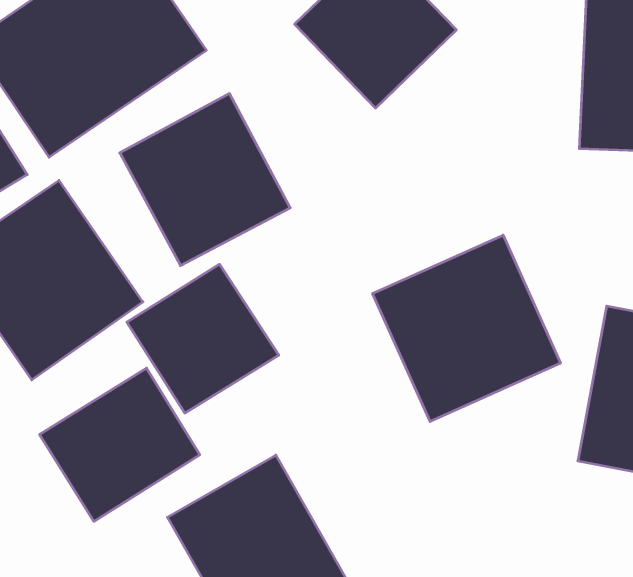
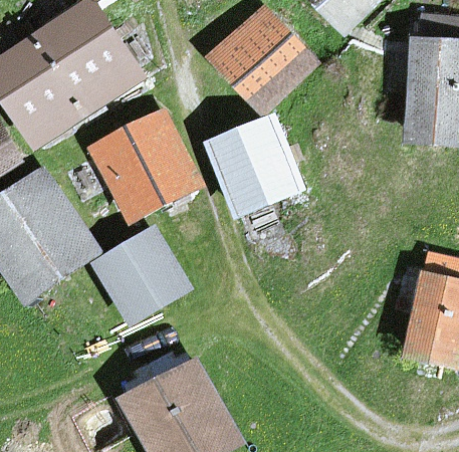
building: none -> [206,114,305,219]
building: [373,235,560,422] -> none
building: [40,368,200,521] -> none

